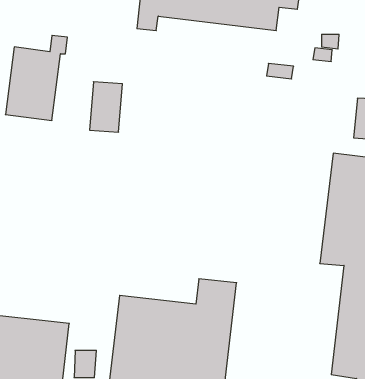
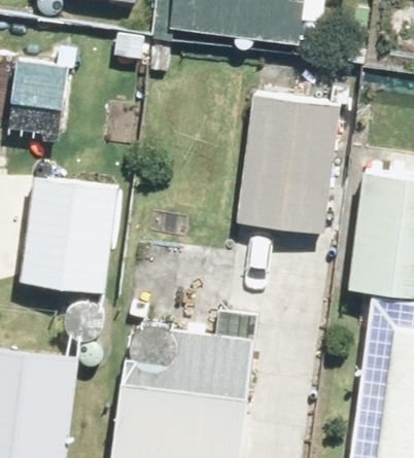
building: none -> [234,94,340,234]
building: none -> [24,178,122,291]

